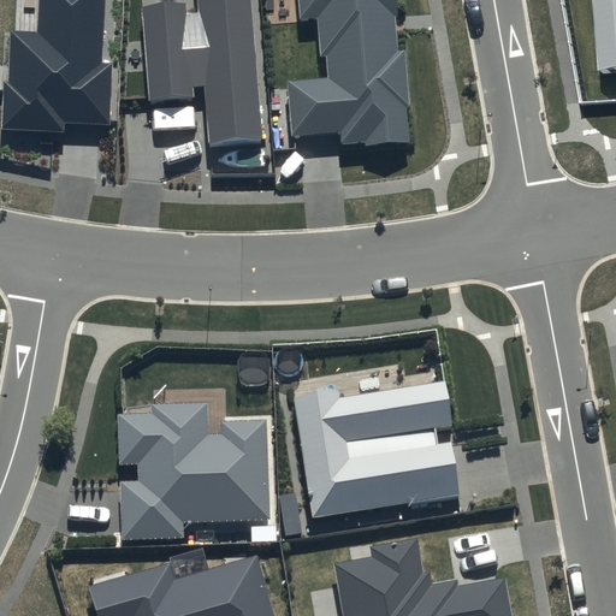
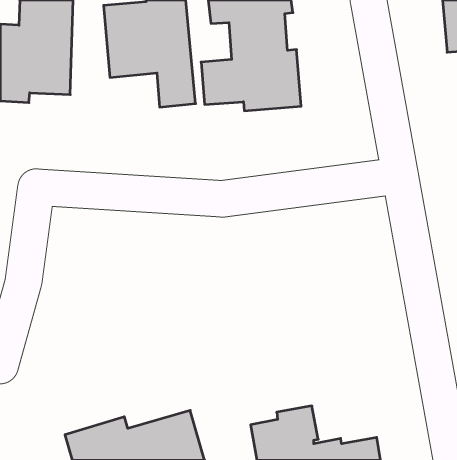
building: [285,383,458,528] -> none
building: [119,395,272,533] -> none

